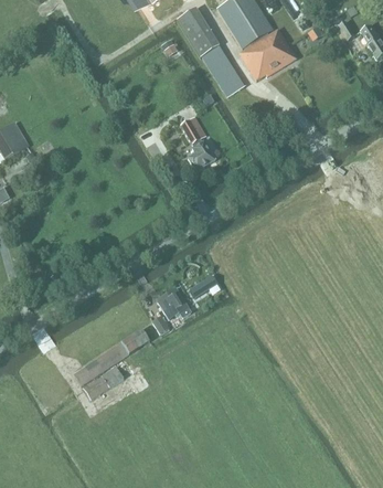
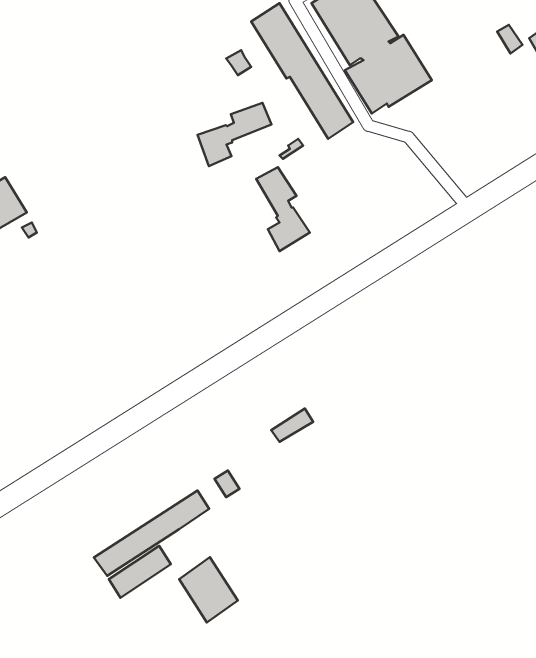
building: none -> [198,103,272,166]
building: [157,289,190,320] -> none
building: none -> [179,557,238,622]

